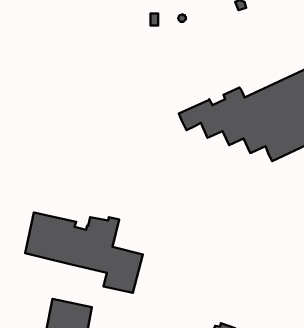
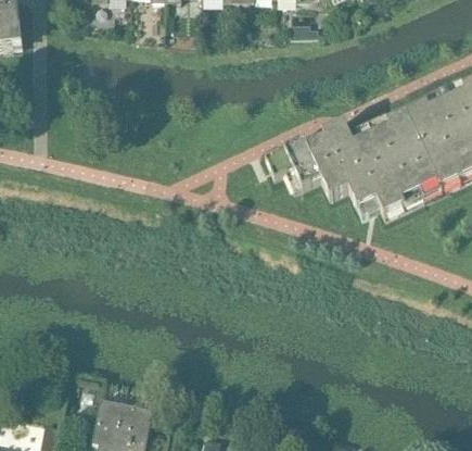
building: [25,212,143,293] -> none

